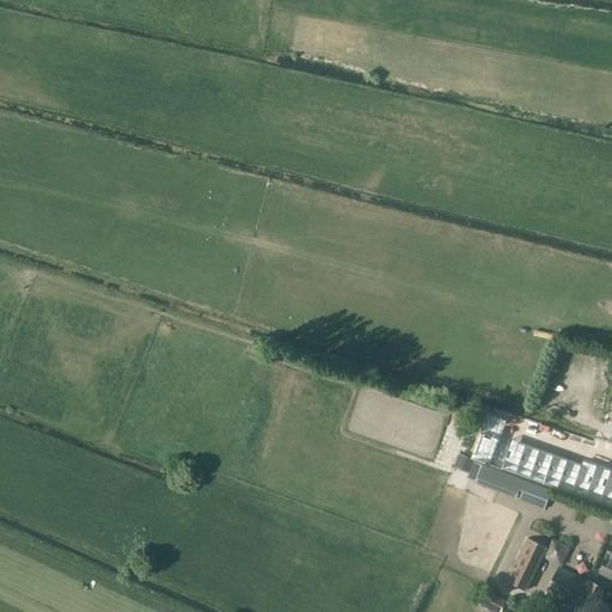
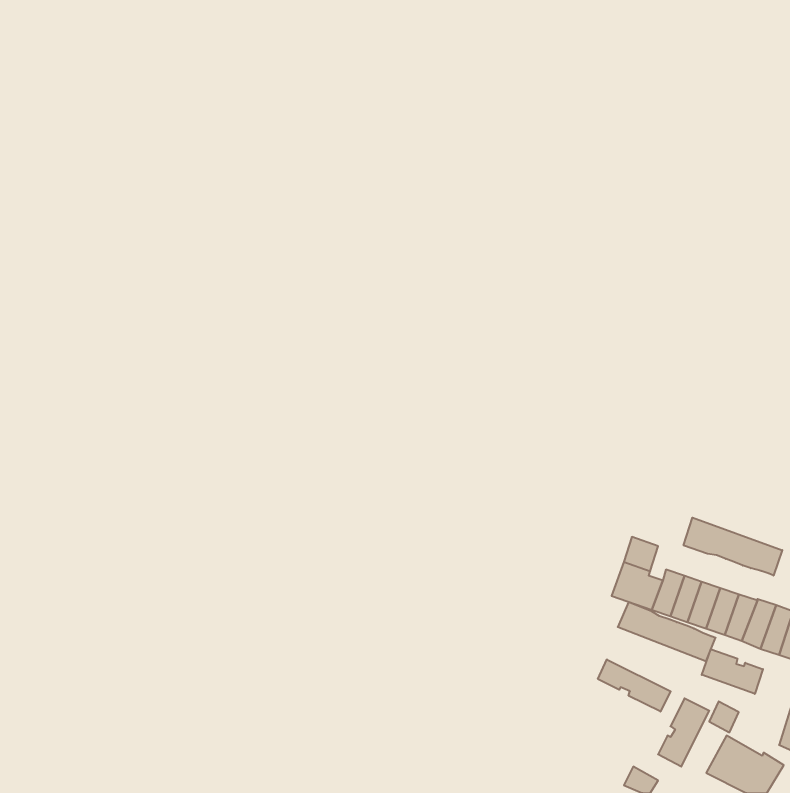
building: none -> [684,518,782,576]
building: none -> [702,649,763,694]
building: none -> [598,659,671,712]

